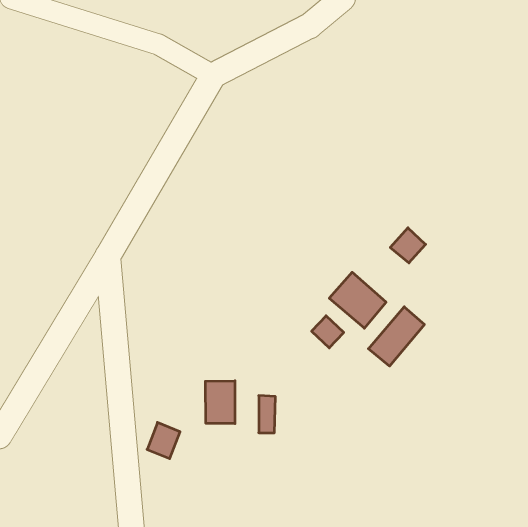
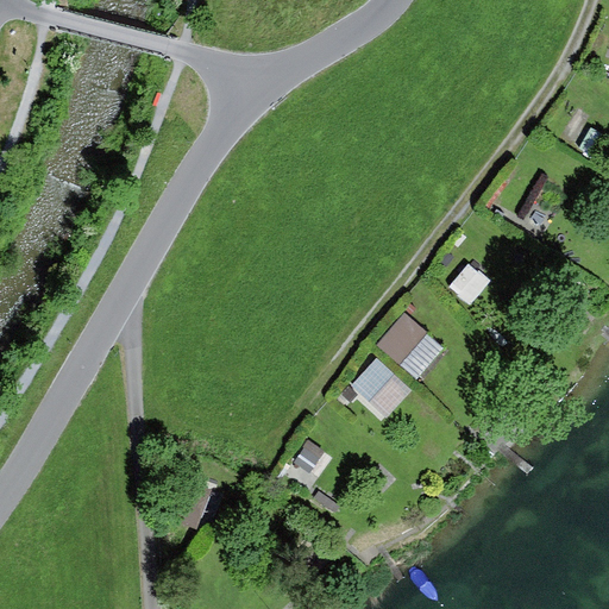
building: [368,307,424,366] -> none
building: [205,381,235,424] -> none

